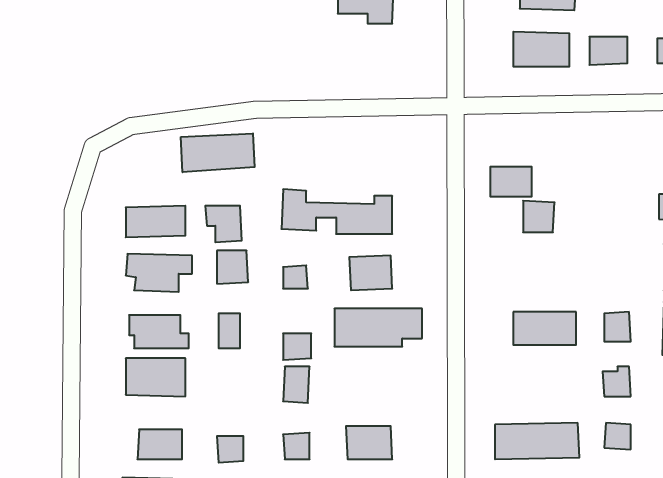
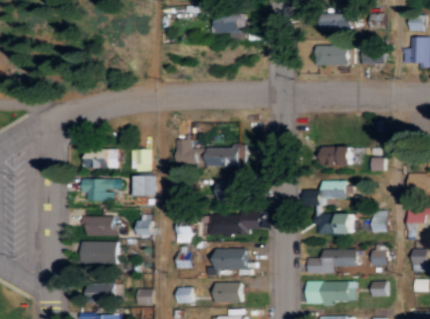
building: [181,133,255,172] -> none
building: [490,167,532,197] -> [321,181,347,199]
building: none -> [208,249,248,276]
building: none -> [307,249,358,274]

